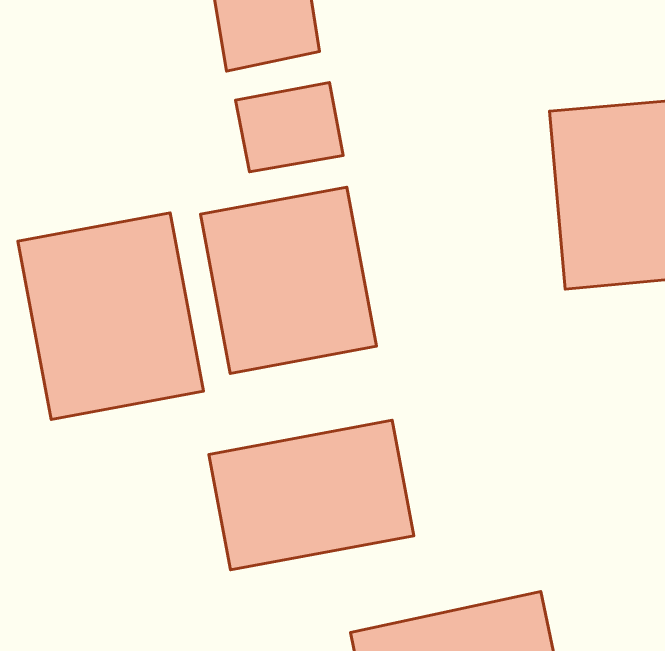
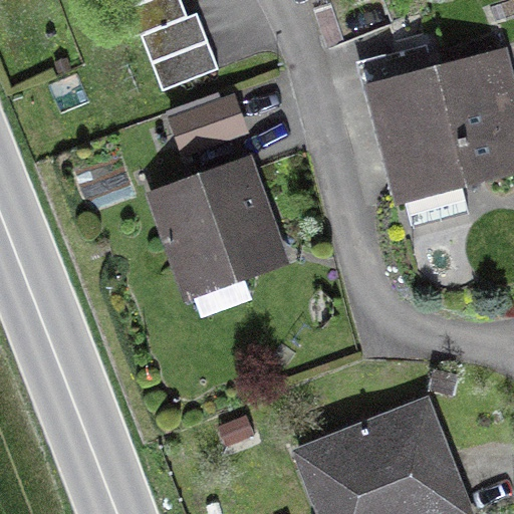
building: [18,213,203,419] -> none
building: [209,420,414,570] -> none

